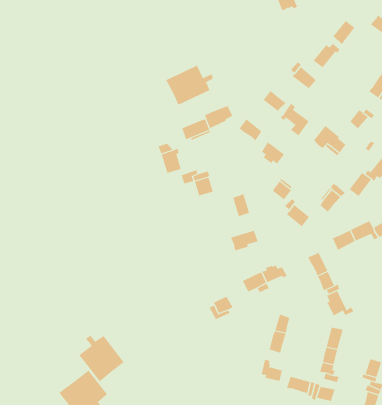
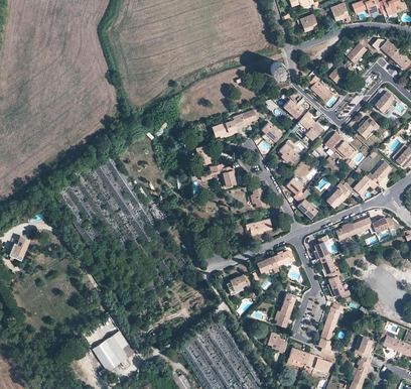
building: [166,65,214,106] -> none
building: [79,335,125,382] -> none

